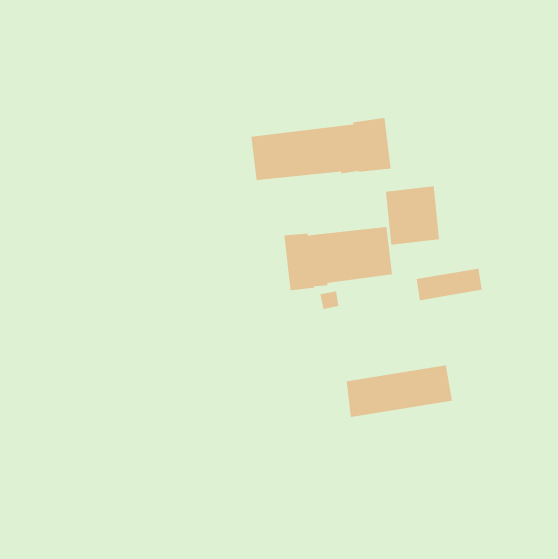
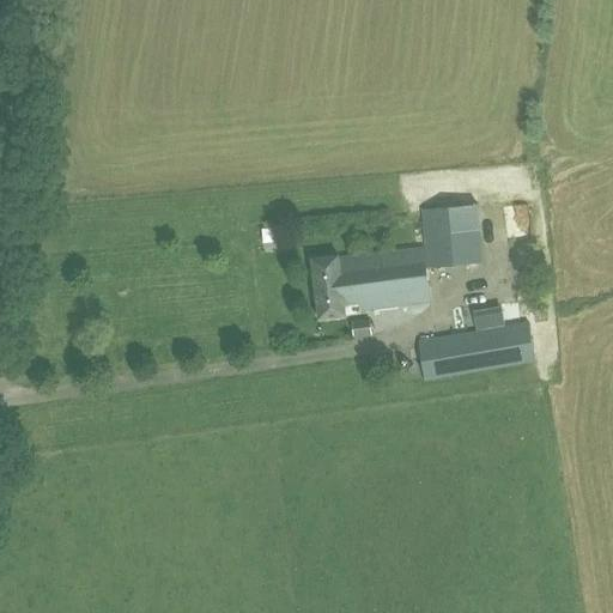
building: [251,117,391,181] -> none
building: [346,365,453,417] -> [418,322,535,380]

